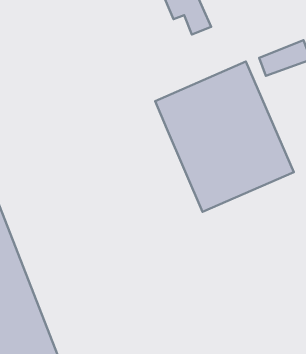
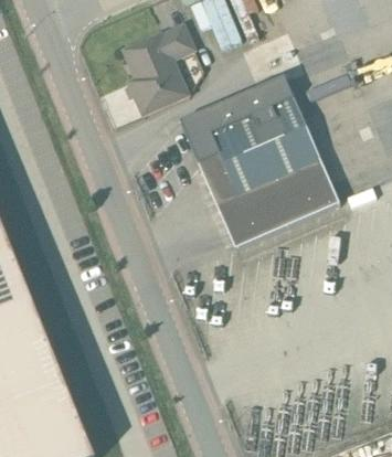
building: none -> [123,22,198,116]

